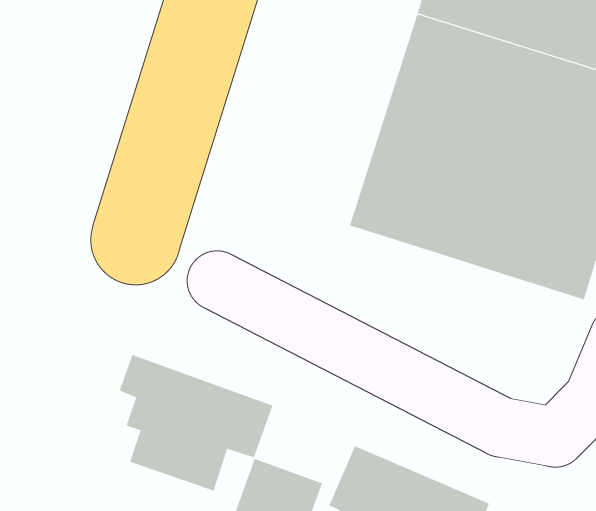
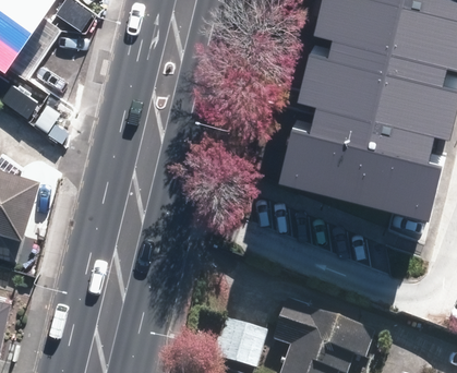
building: [119,354,273,491] -> none

